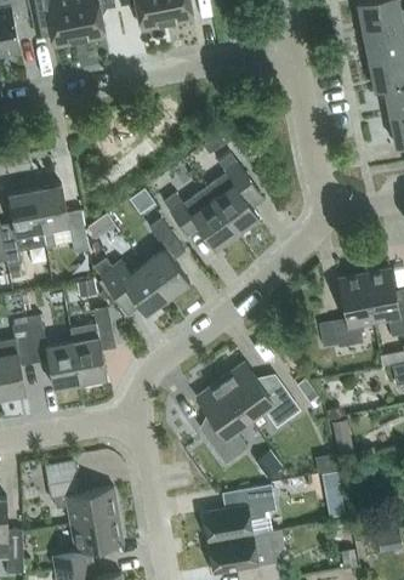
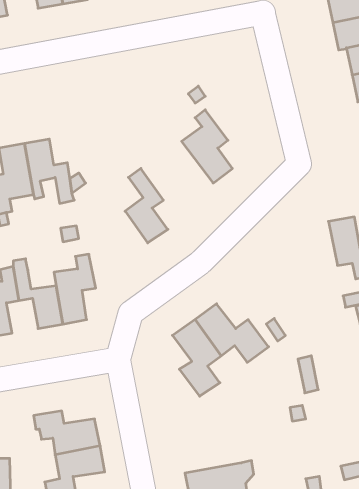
building: [166,188,240,249] -> none
building: [95,257,170,314] -> none
building: [334,274,374,347] -> none
building: [205,485,278,545] -> none

